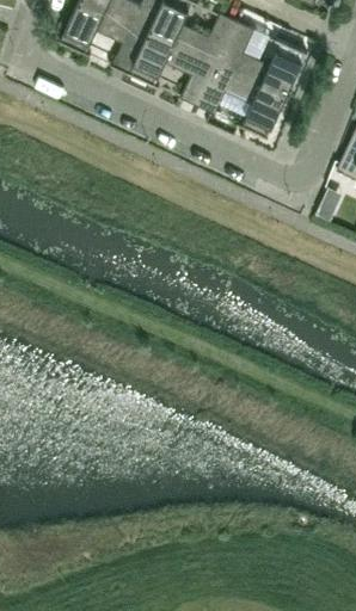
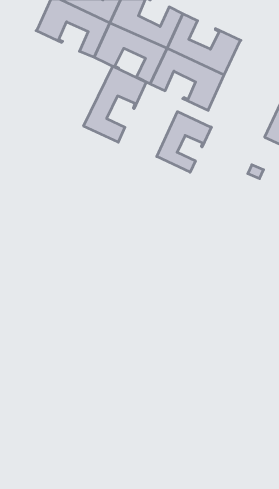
building: none -> [84,66,146,142]
building: none -> [157,112,211,172]

